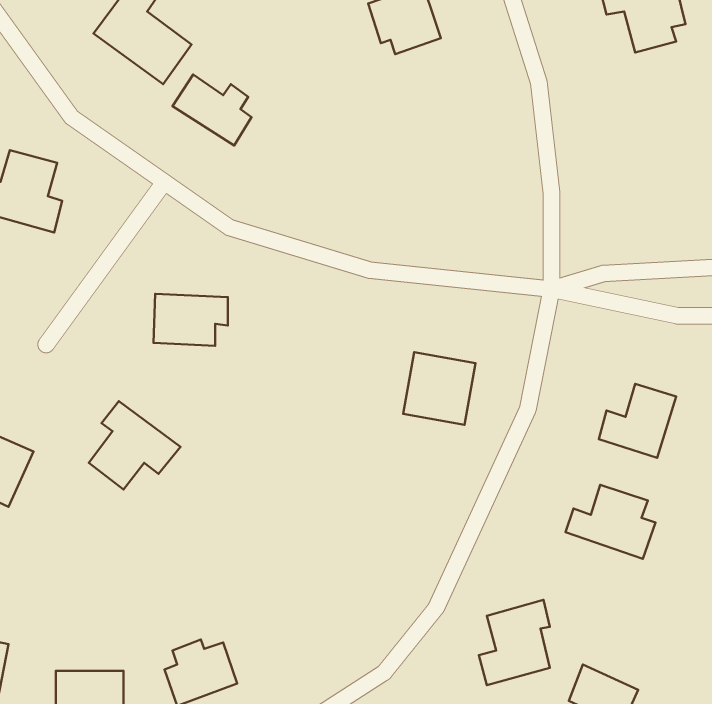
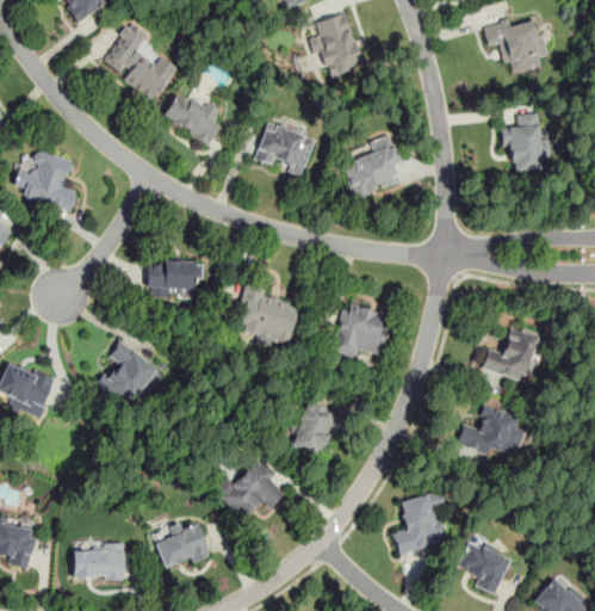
building: none -> [253,122,315,175]
building: none -> [500,124,541,171]
building: none -> [342,134,402,198]
building: none -> [234,283,298,344]
building: none -> [284,400,341,463]
building: none -> [217,457,286,519]

